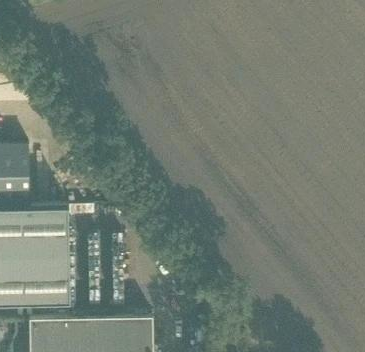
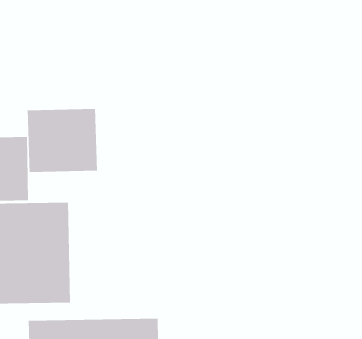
building: none -> [27,108,98,173]

